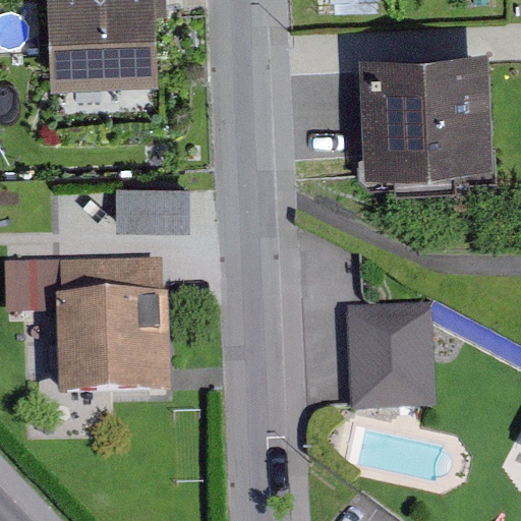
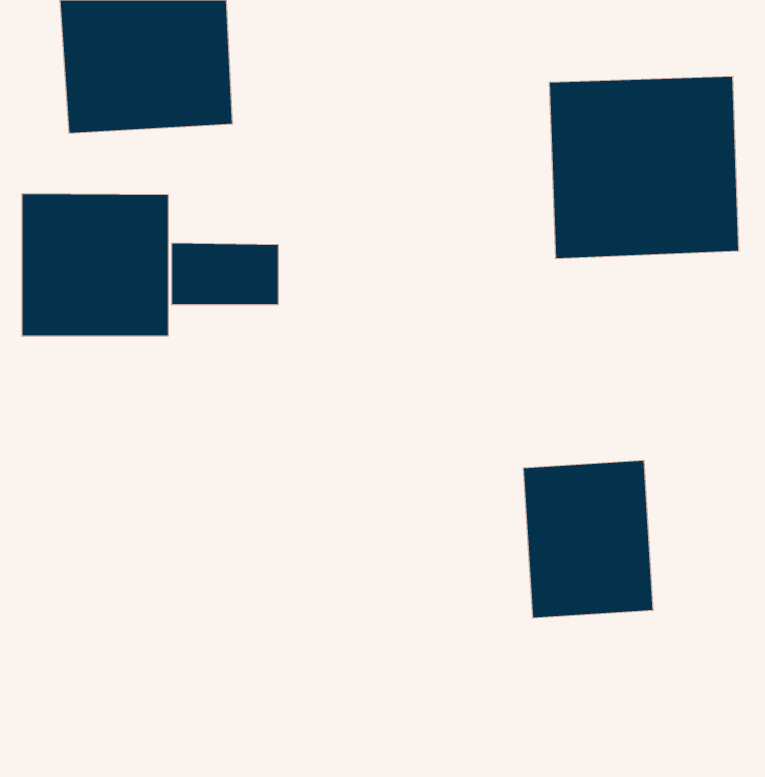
building: none -> [22,194,168,336]
building: [49,262,170,408] -> none

